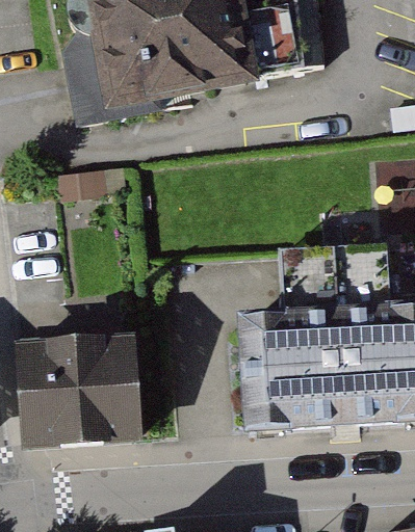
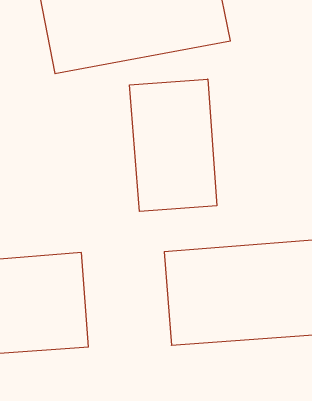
building: none -> [130,79,217,211]

